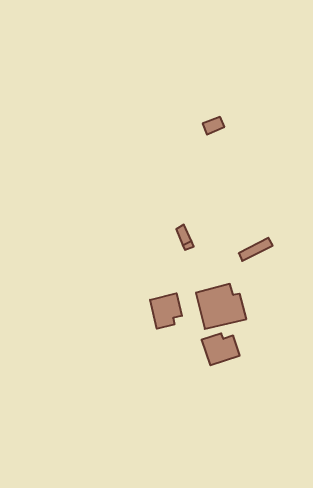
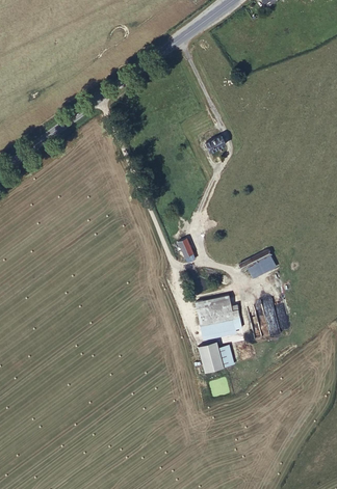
building: [150,293,182,329] -> none

